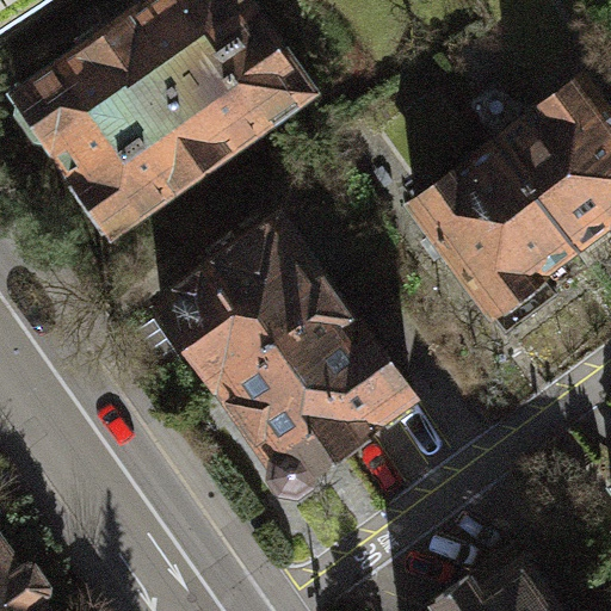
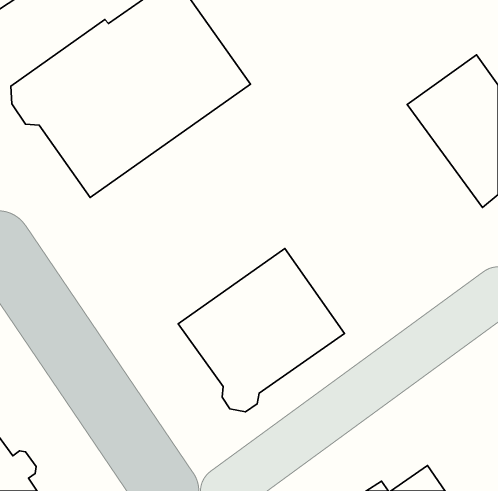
building: [407,128,588,317] -> none
building: [150,209,347,395] -> none

